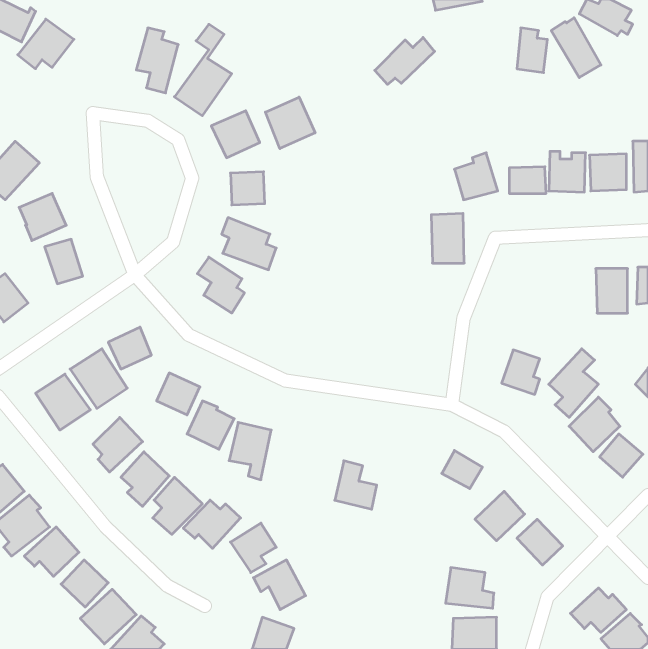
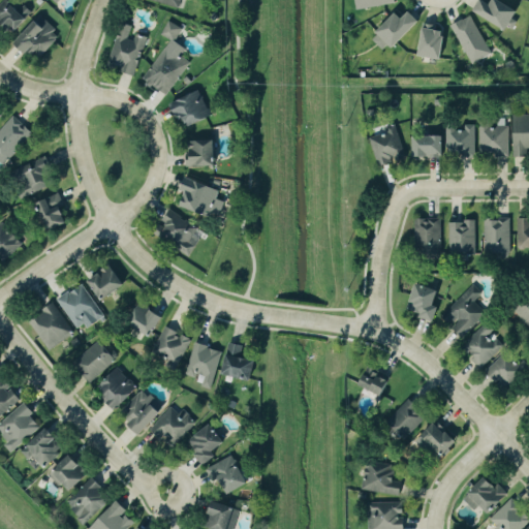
building: [375,37,435,84] -> [371,10,419,49]
building: [265,97,315,149] -> none
building: [431,213,464,263] -> [414,217,441,257]
building: none -> [448,220,475,255]
building: [335,461,377,509] -> [221,342,255,381]

